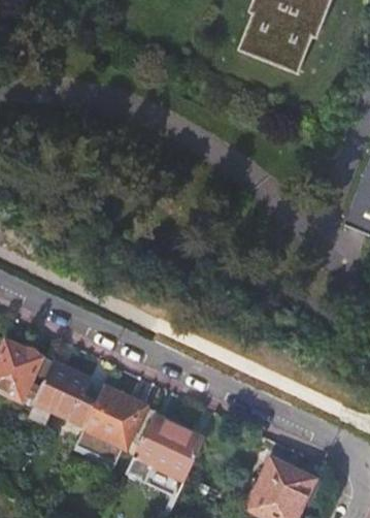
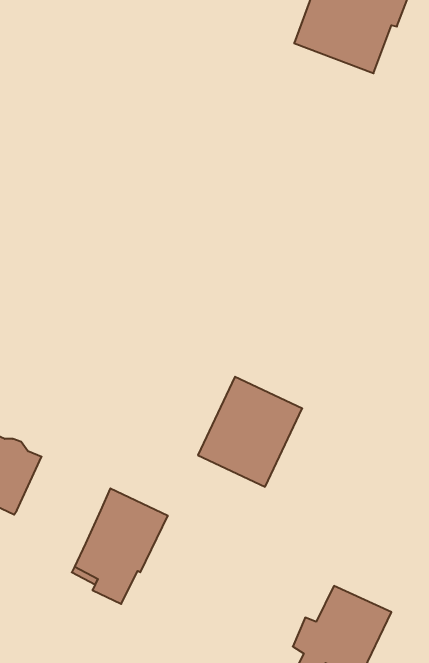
building: [32,359,95,425] -> none
building: [125,413,203,495] -> [198,377,302,487]

